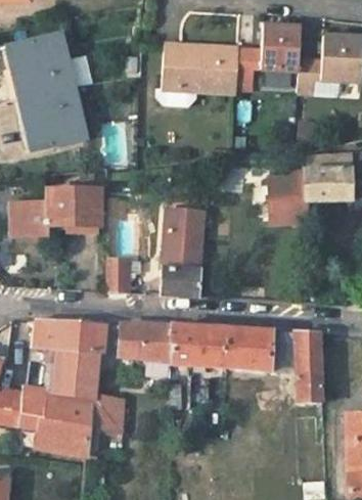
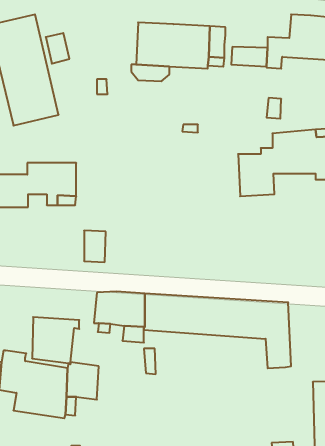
building: [262,24,302,69] -> none
building: [162,208,207,297] -> none
building: [27,318,106,392] -> none

